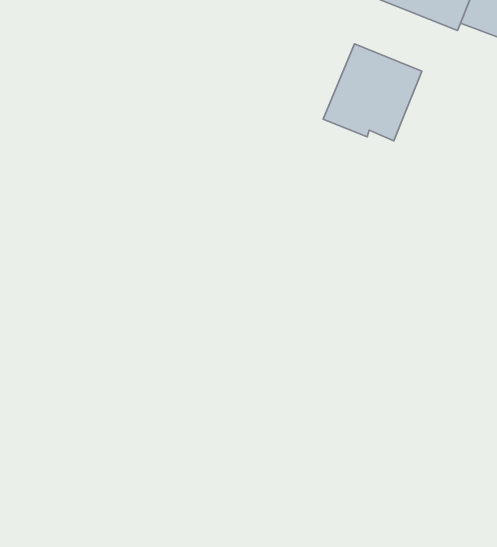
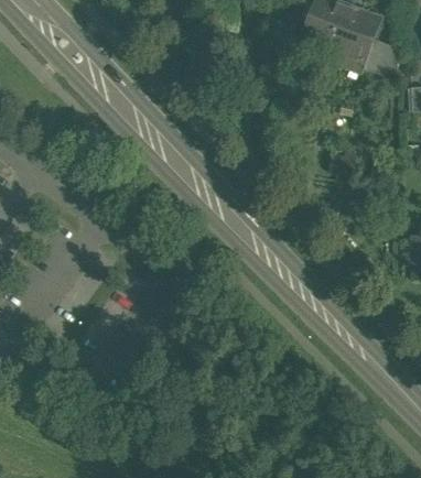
building: [323,44,422,141] -> none

